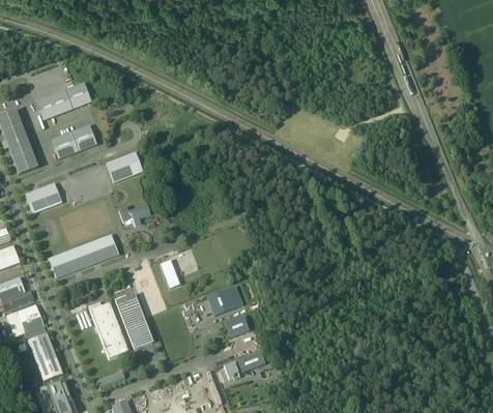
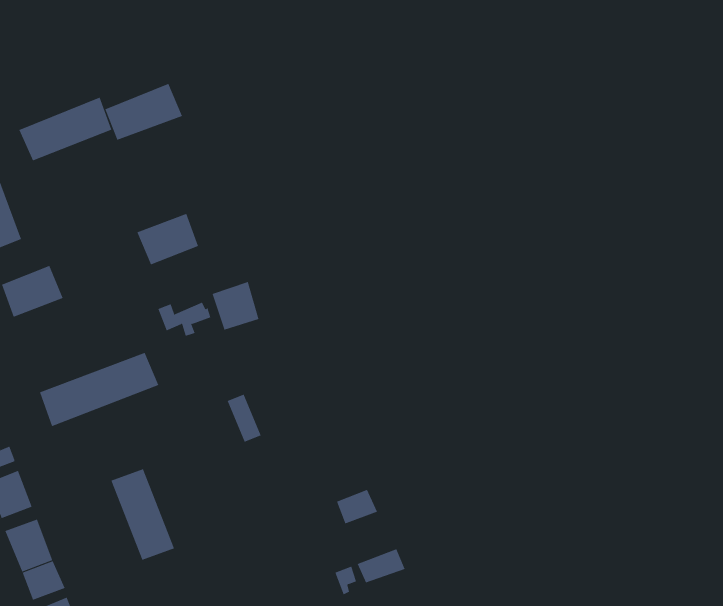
building: [51,124,97,158] -> [105,83,183,141]
building: none -> [212,281,259,331]
building: [207,285,243,315] -> none
building: [115,293,153,349] -> none

